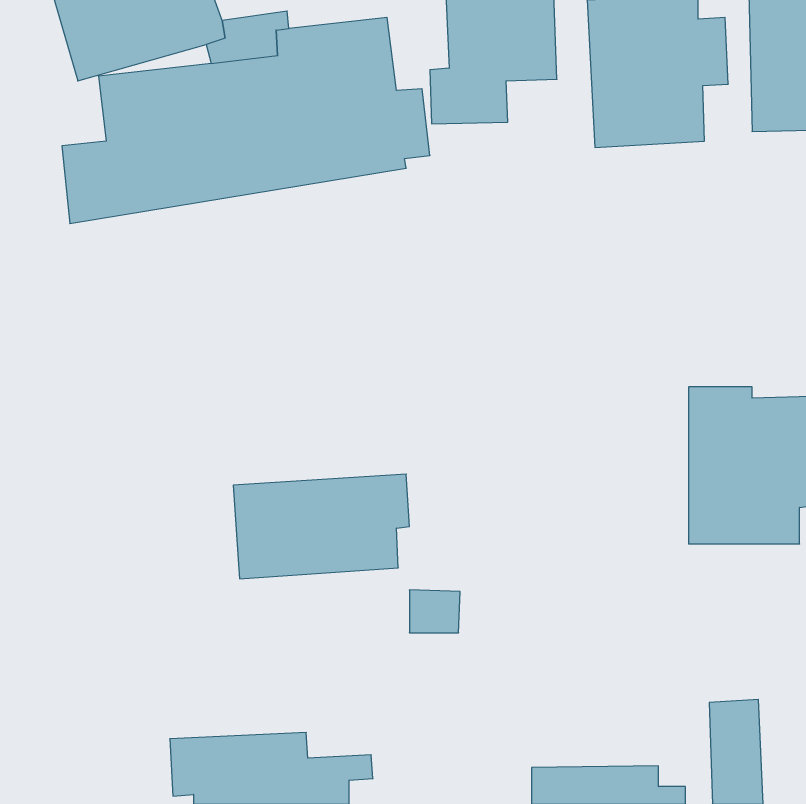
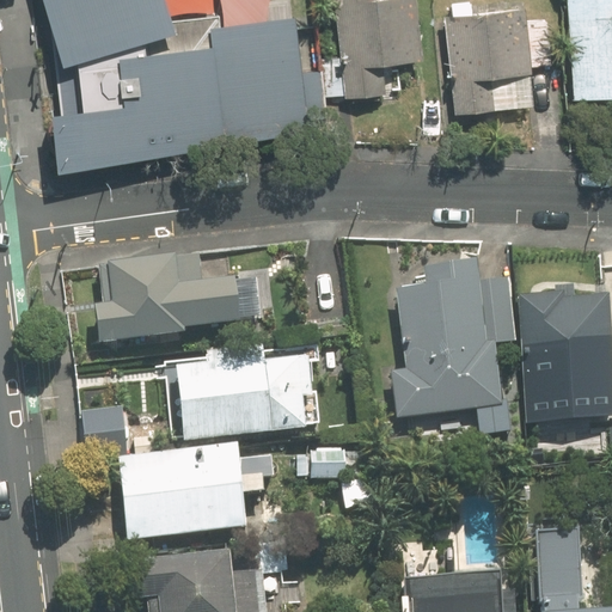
building: none -> [96,253,240,342]
building: none -> [393,262,515,420]
building: none -> [120,448,274,539]

